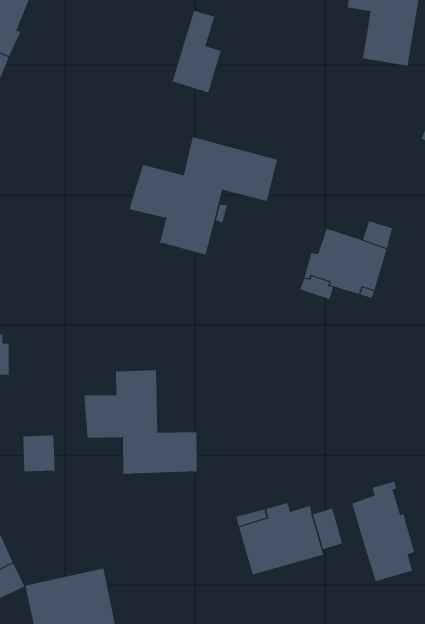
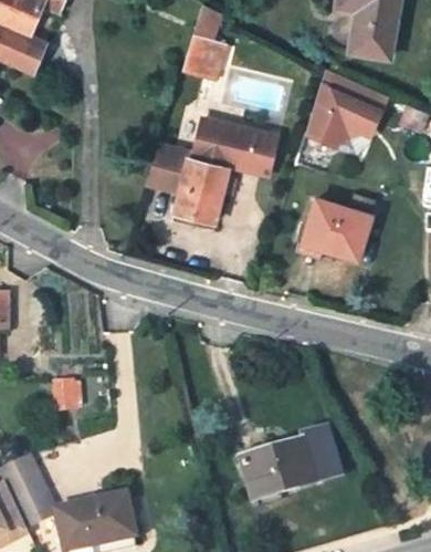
building: none -> [306,70,393,147]
building: [84,370,197,474] -> none
building: [351,481,415,582] -> none

